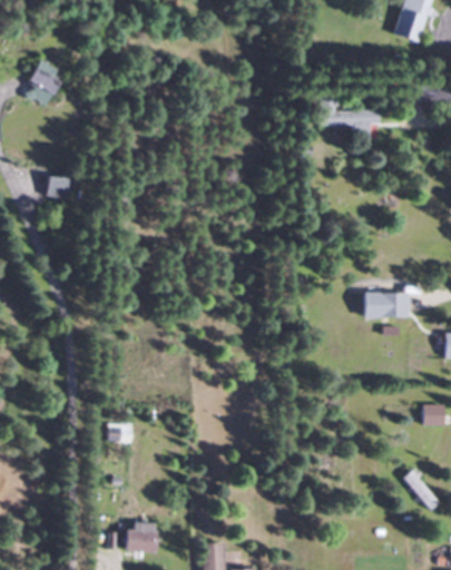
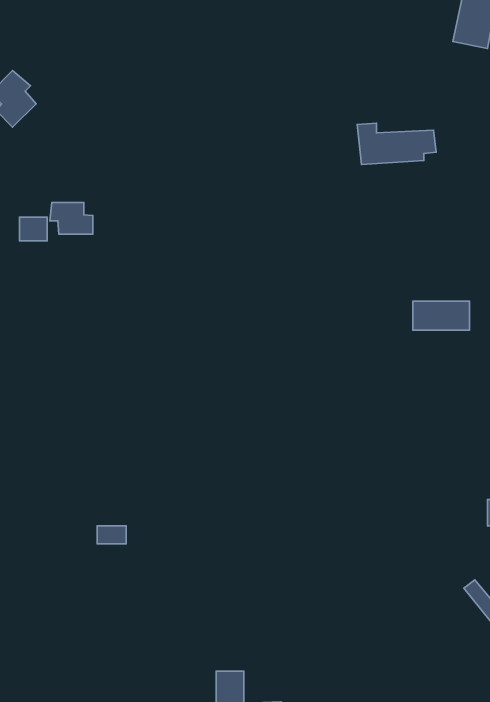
building: none -> [50,202,93,234]
building: [364,294,410,317] -> [413,301,470,330]
building: [126,522,157,551] -> none

